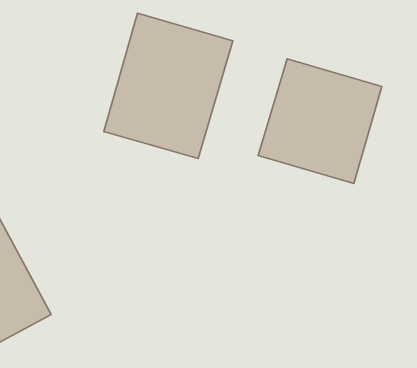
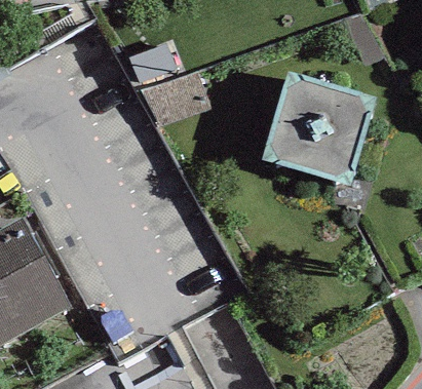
building: [104,13,233,159] -> none

